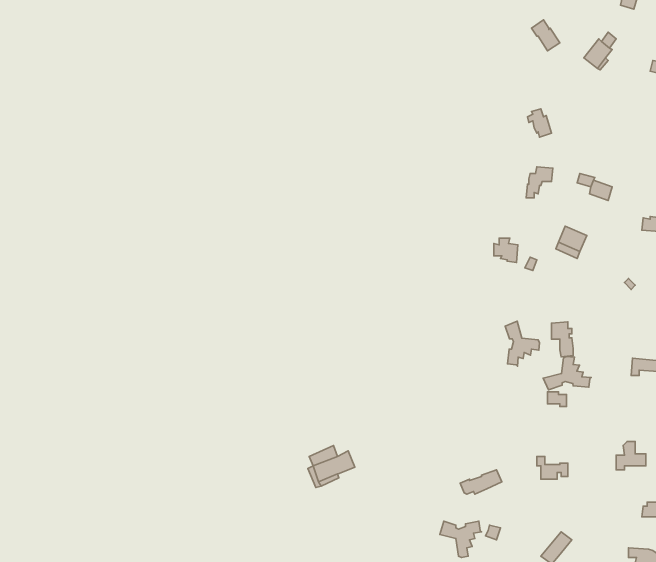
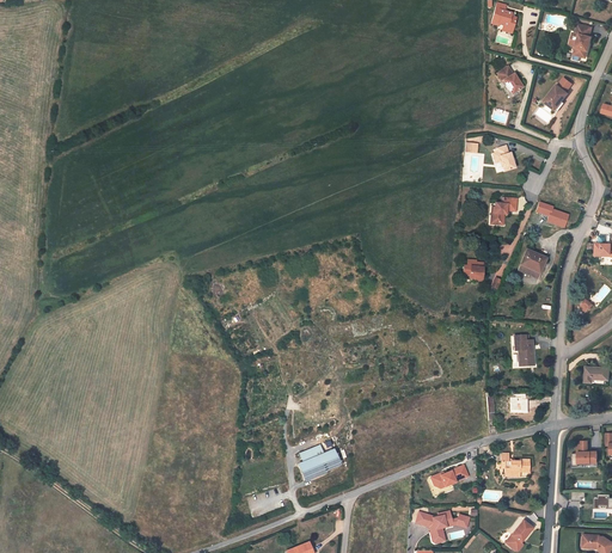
building: [505,321,540,366] -> none
building: [543,356,591,390] -> none

